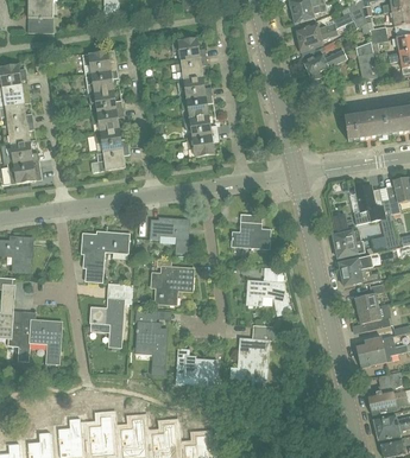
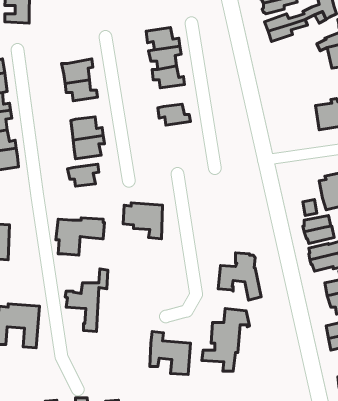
building: [82,50,115,74] -> none
building: [302,50,343,78] -> none
building: [179,95,213,117] -> none
building: [90,108,122,131] -> [68,164,99,186]
building: [185,133,219,157] -> none
building: [231,214,269,248] -> none
building: [151,259,191,304] -> none
building: [134,308,166,376] -> none

